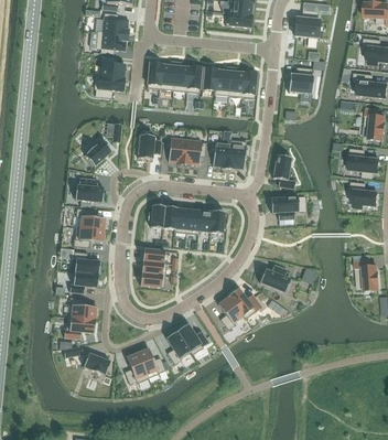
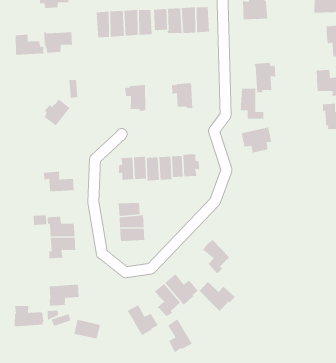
building: [99,55,128,78] -> [15,34,44,55]
building: [138,133,161,158] -> none
building: [183,138,206,164] -> none
building: [228,139,250,169] -> [254,62,276,93]
building: [75,176,104,201] -> none
building: [73,226,104,247] -> none
building: [259,264,290,291] -> none
building: [228,287,262,318] -> [199,281,236,312]
building: [66,296,96,319] -> [14,305,44,327]
building: [125,351,148,384] -> [167,318,193,353]

